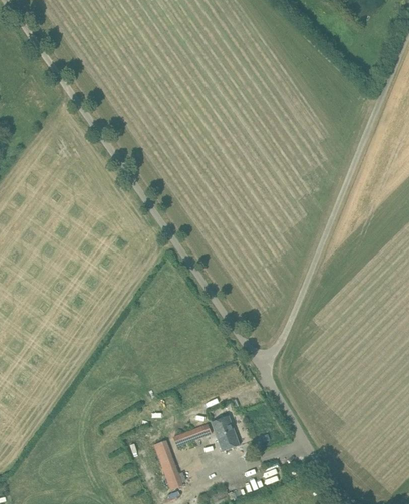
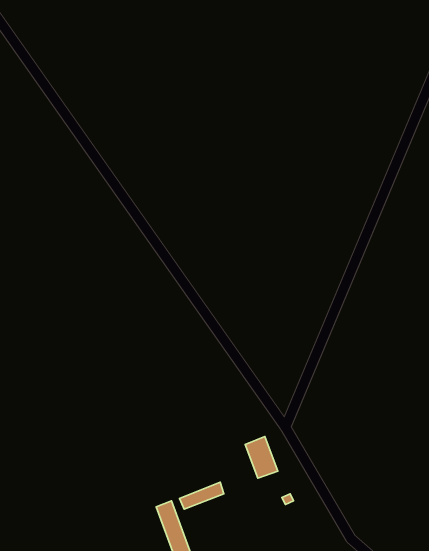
building: [211,414,239,450] -> [245,436,278,478]

